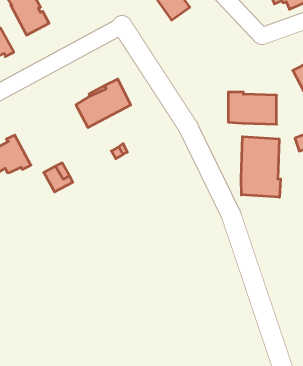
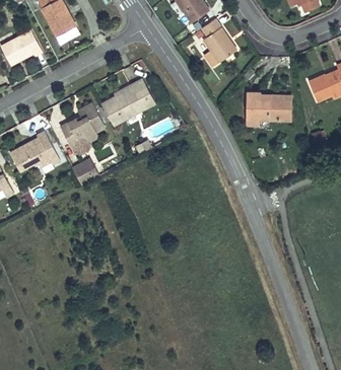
building: none -> [200,19,237,69]
building: none -> [59,102,104,155]
building: [241,137,281,197] -> none

